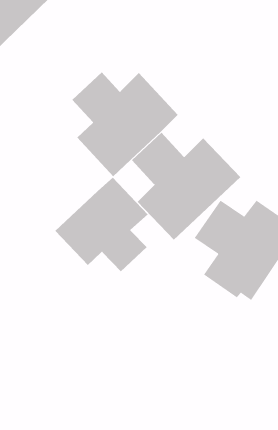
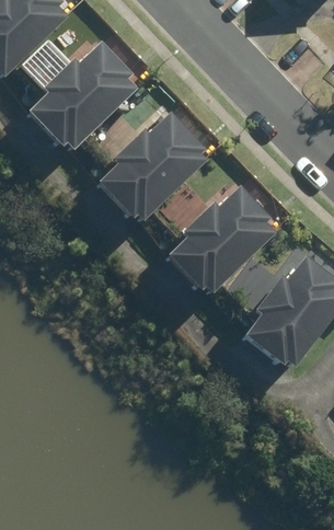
building: none -> [20,32,148,152]
building: [54,177,149,272] -> none

